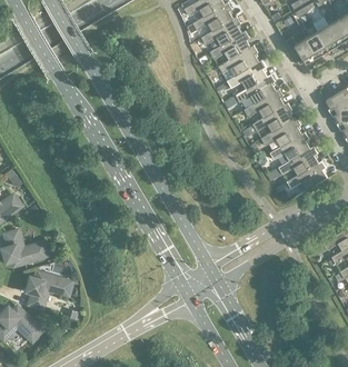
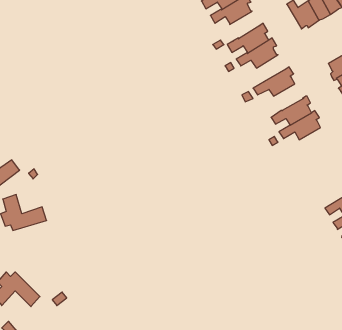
building: [218,46,258,78] -> none
building: [243,89,284,118] -> none
building: [260,118,301,147] -> none
building: [286,161,327,191] -> none
building: [26,274,70,308] -> none

